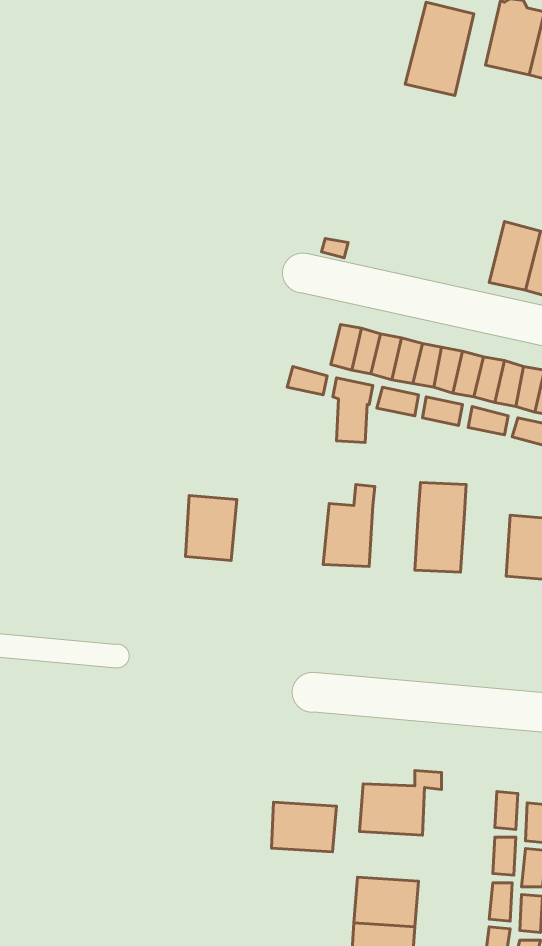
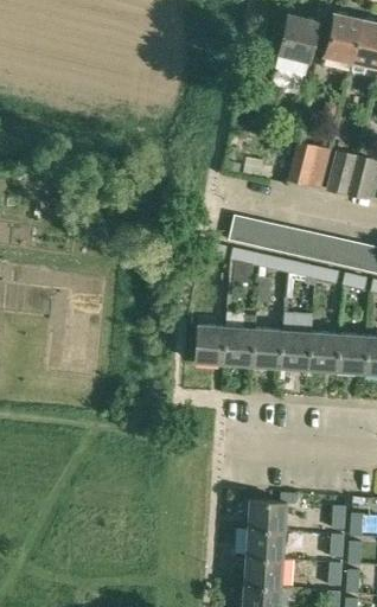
building: none -> [287,142,330,187]
building: [185,496,237,560] -> [196,325,228,365]
building: none -> [253,328,283,369]
building: none -> [309,333,340,372]
building: [272,802,336,852] -> [245,531,286,562]

